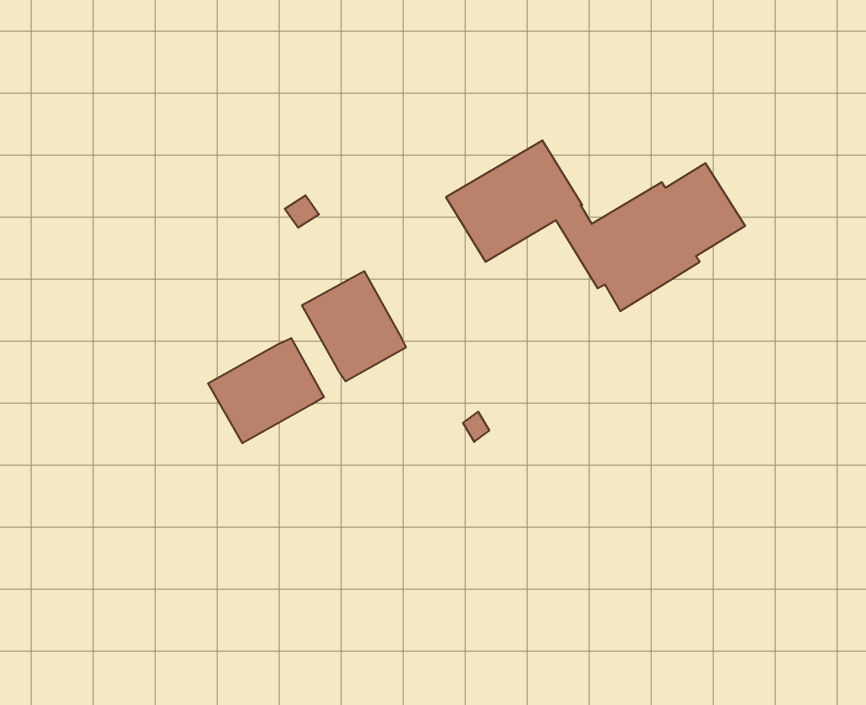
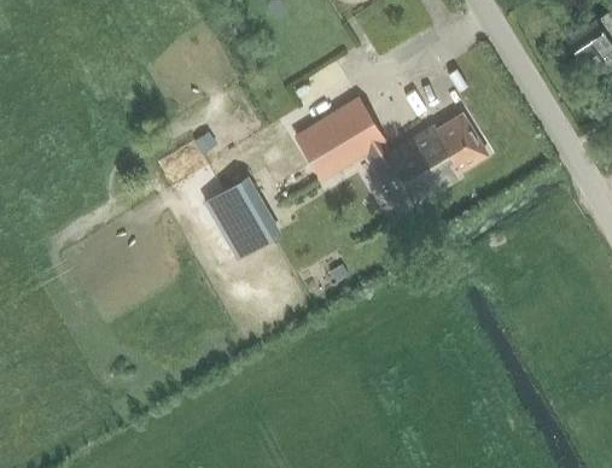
building: [208,338,324,443] -> none

